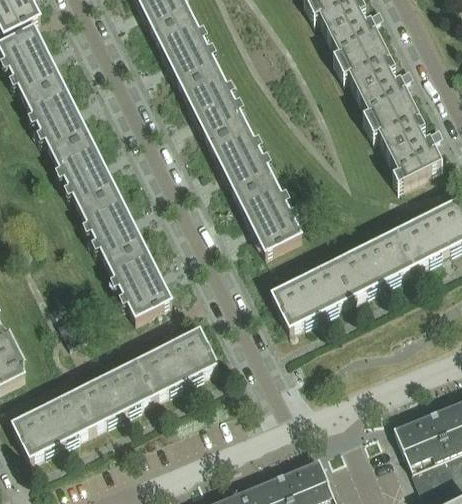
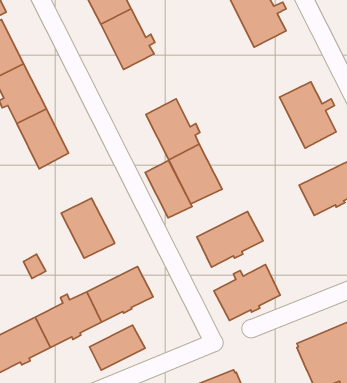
building: [342,41,411,122] -> none
building: [183,69,247,143] -> none
building: [80,190,144,263] -> none
building: none -> [145,161,192,218]
building: [334,229,415,297] -> [214,265,280,320]
building: none -> [90,325,145,370]

